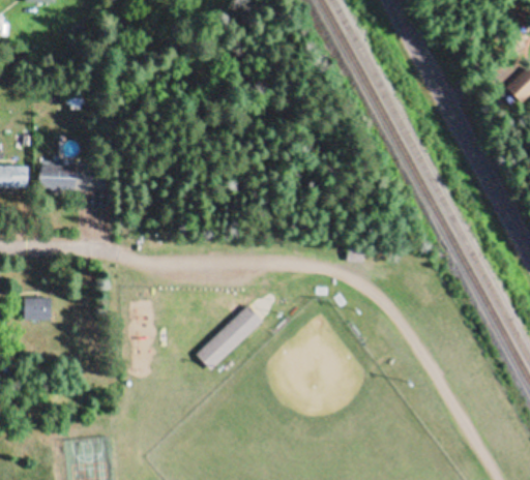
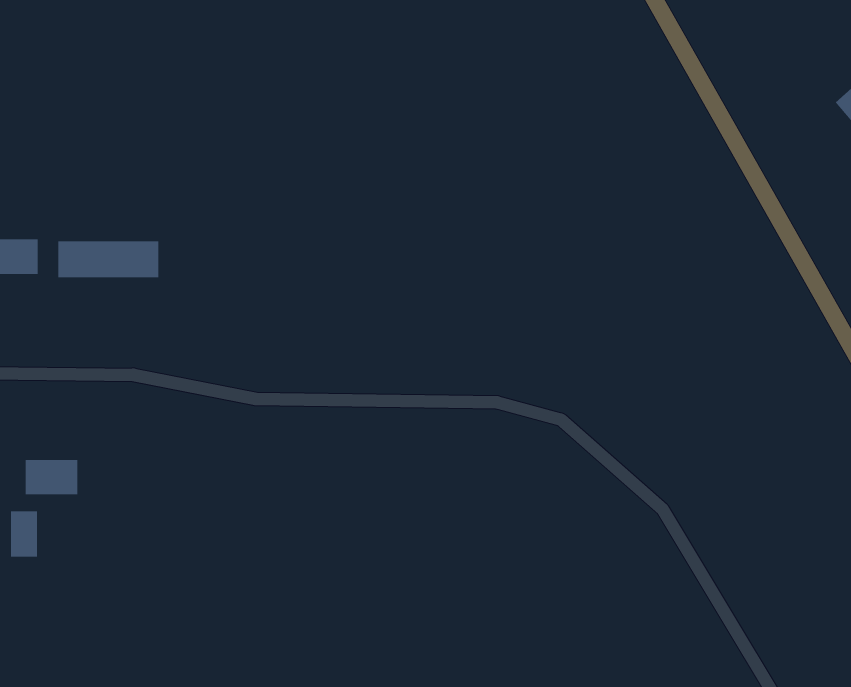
building: [195,306,262,370] -> none
building: none -> [10,511,38,557]

